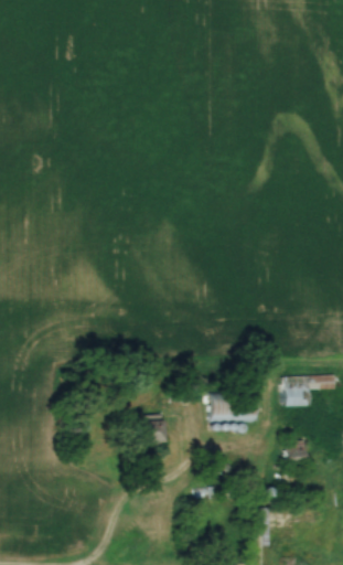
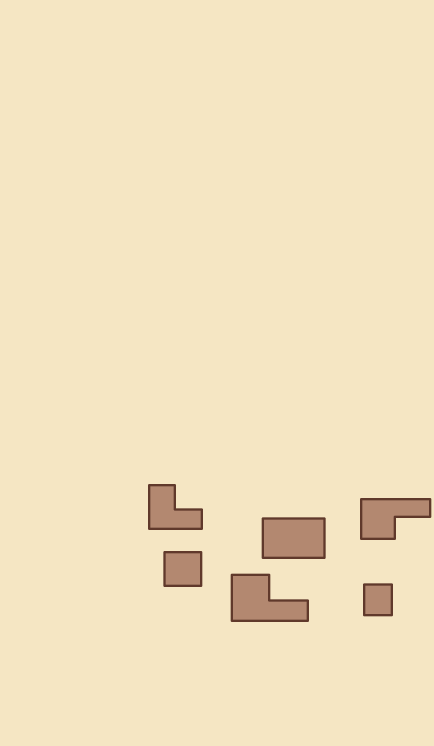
building: none -> [149,485,202,529]
building: none -> [232,575,308,621]

